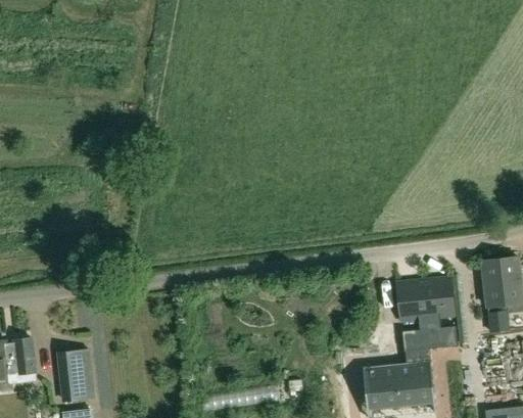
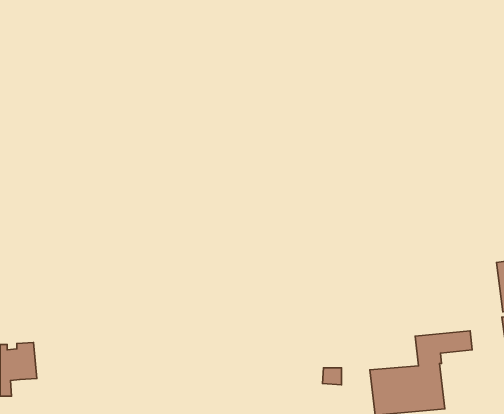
building: [398,279,454,322] -> none
building: [56,350,95,402] -> none

